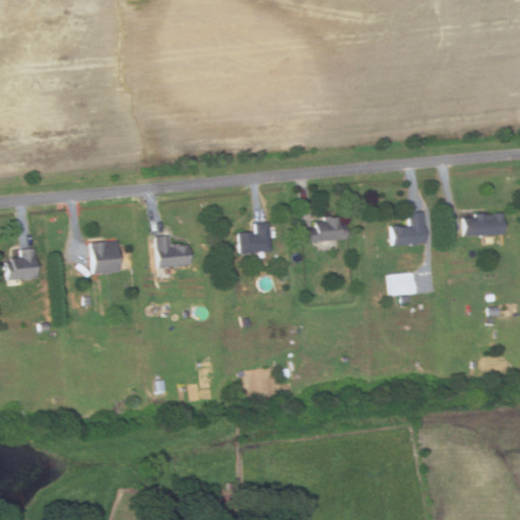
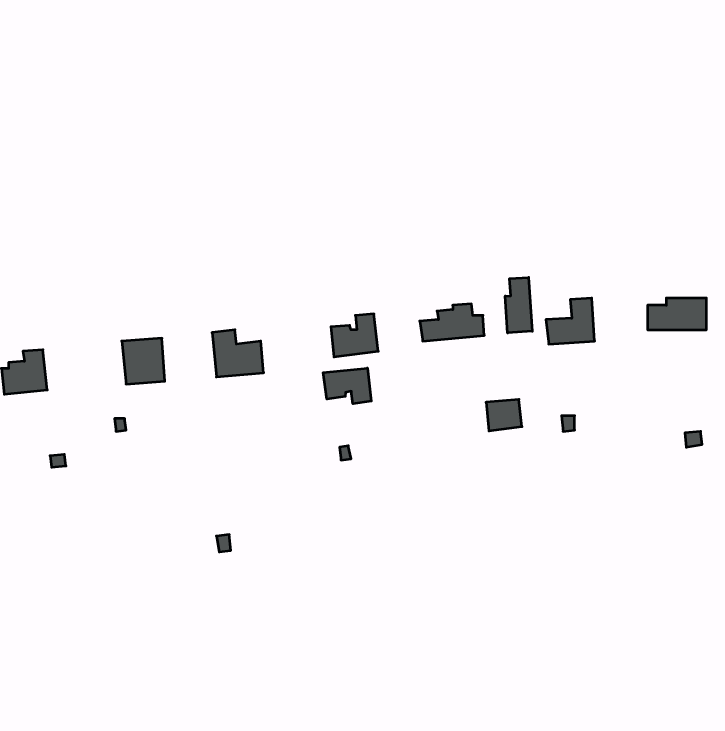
building: none -> [505,277,532,333]
building: none -> [323,368,371,404]
building: [392,272,417,295] -> [486,399,522,431]

